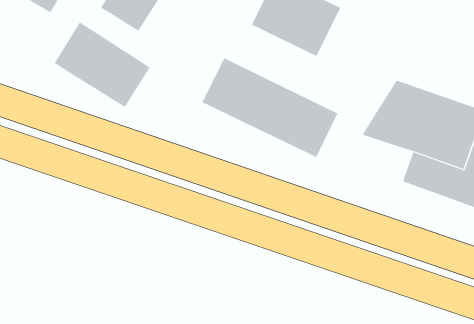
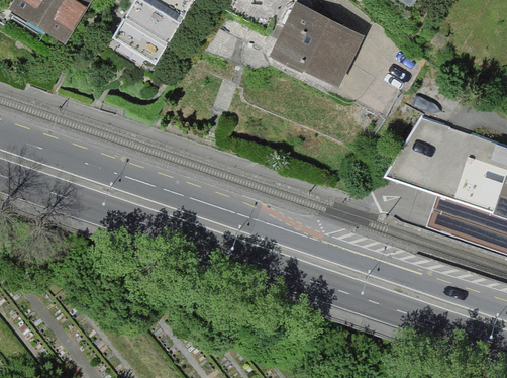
building: [54,21,151,108] -> none
building: [201,57,338,158] -> none

